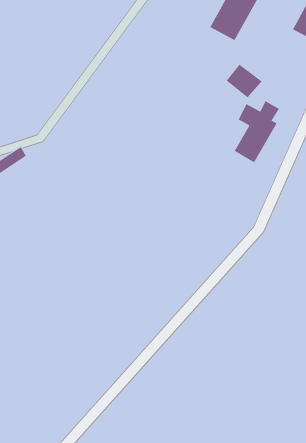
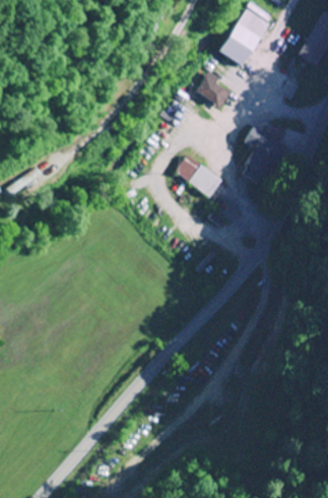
building: [226,64,262,98] -> [197,73,233,107]
building: none -> [175,154,223,198]

